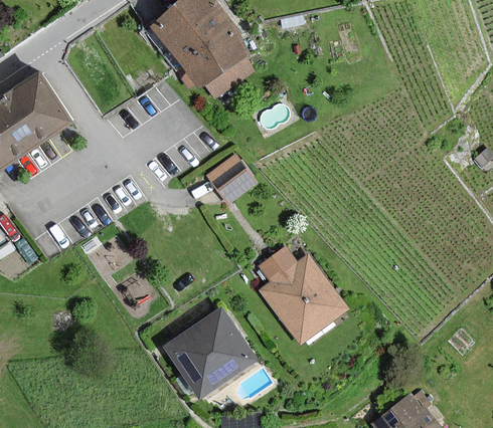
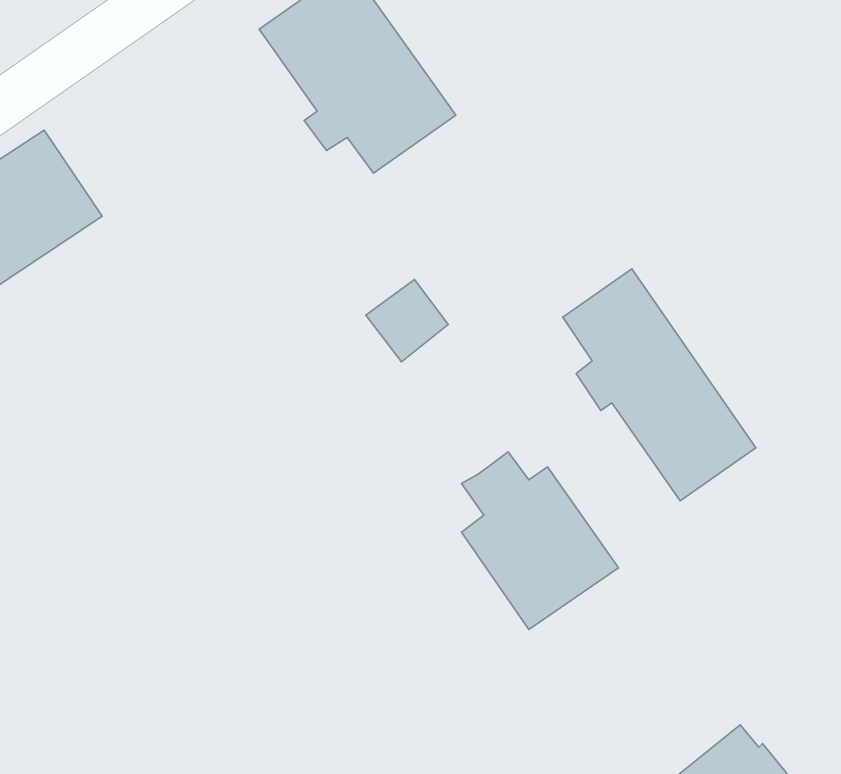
building: none -> [563,269,756,501]
building: [167,308,257,396] -> none

